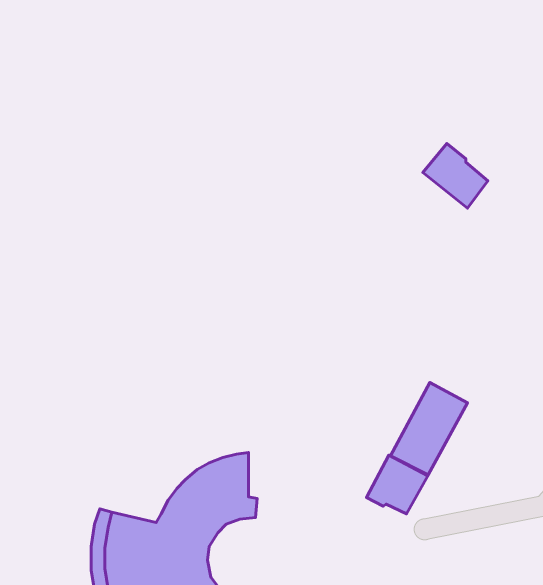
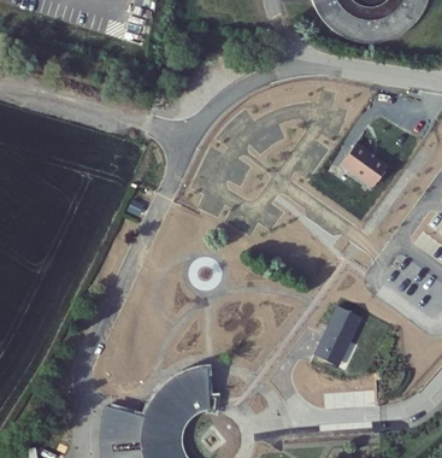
building: [366,455,428,514] -> none

